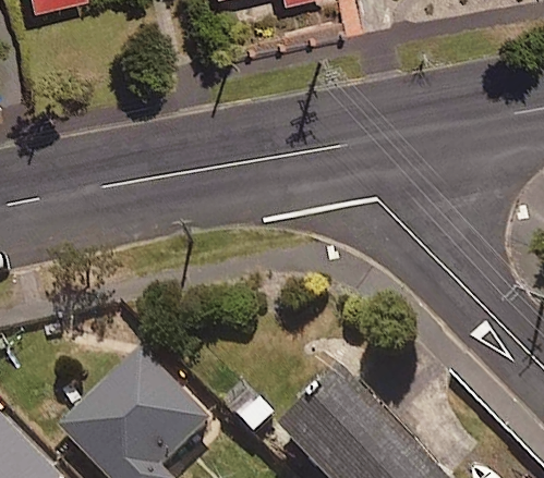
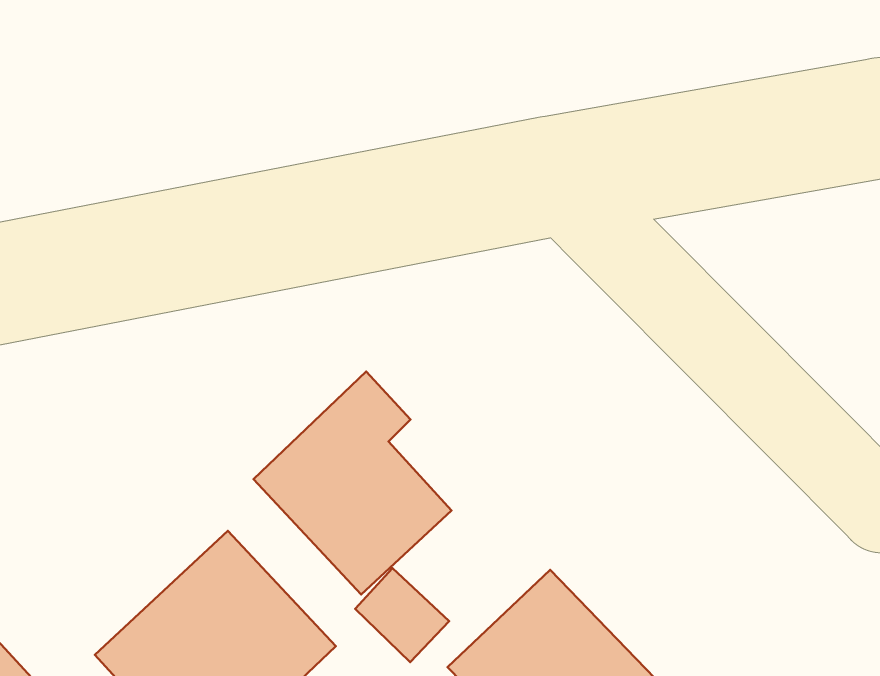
building: none -> [253,372,452,594]

